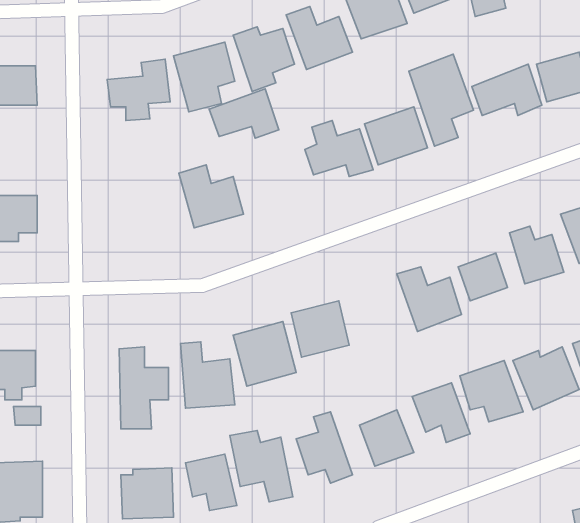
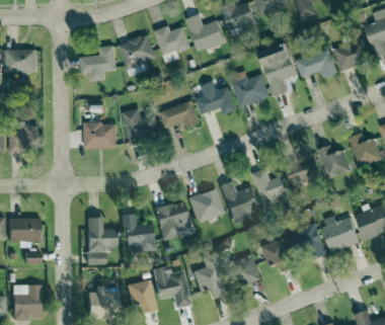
building: [209,89,279,138] -> [159,99,201,129]
building: none -> [83,121,117,148]
building: none -> [220,181,260,224]

